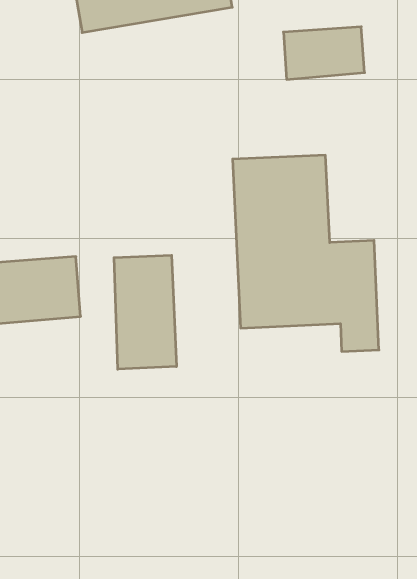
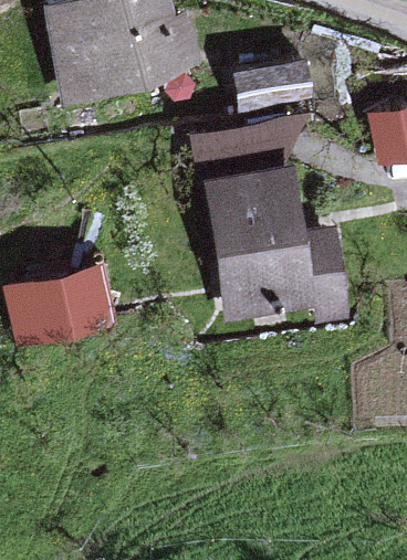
building: [114,255,176,369] -> none

